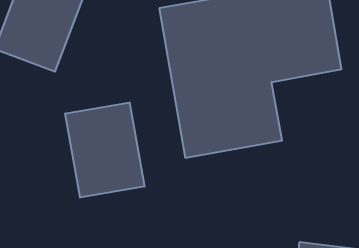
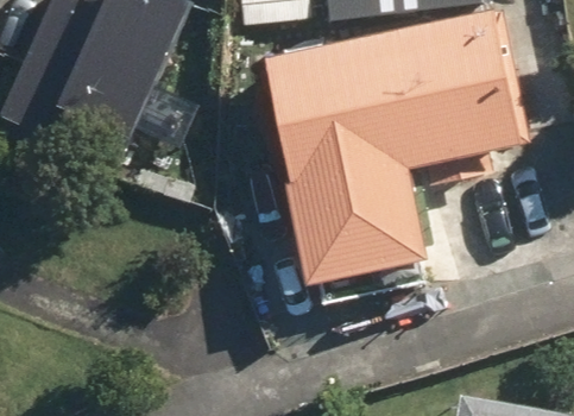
building: [65,102,144,198] -> none

